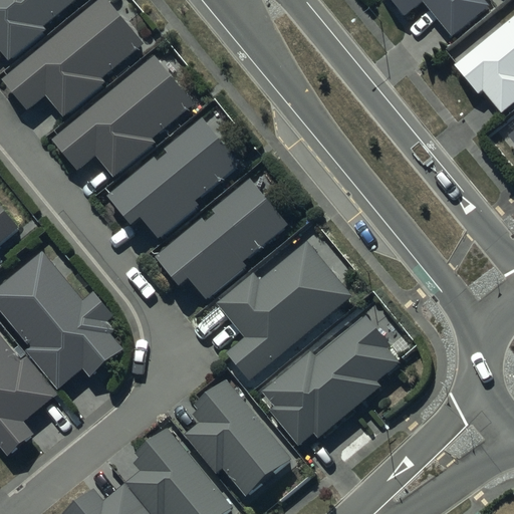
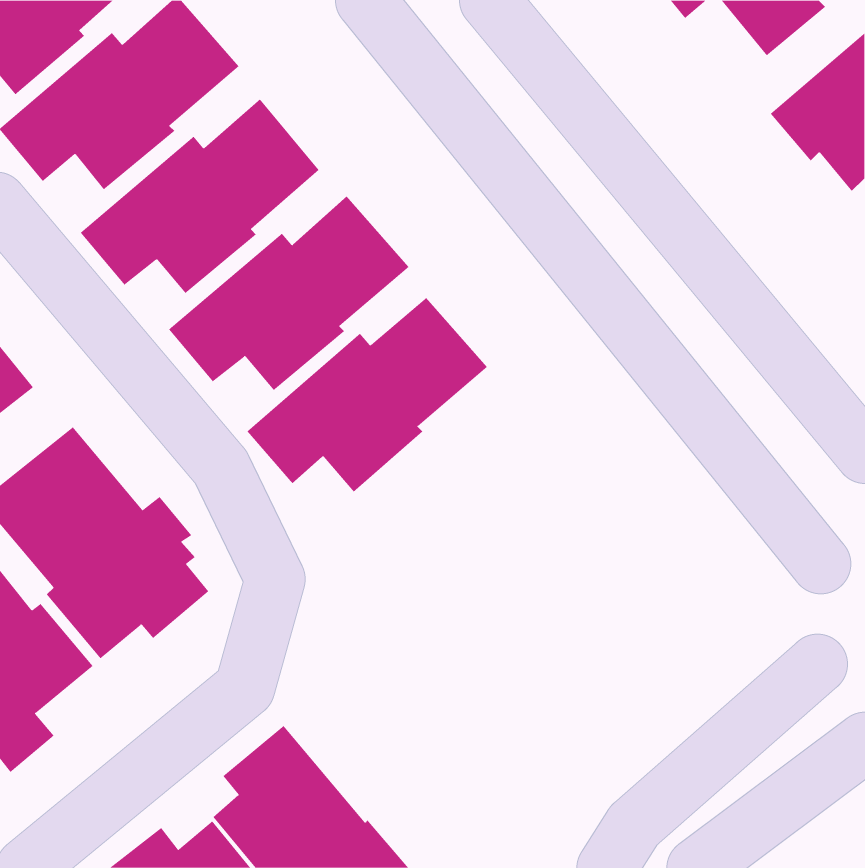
building: [218,241,353,380] -> none
building: [262,315,400,446] -> none
building: [186,379,297,504] -> none

